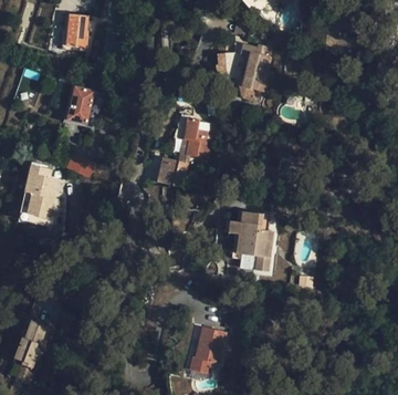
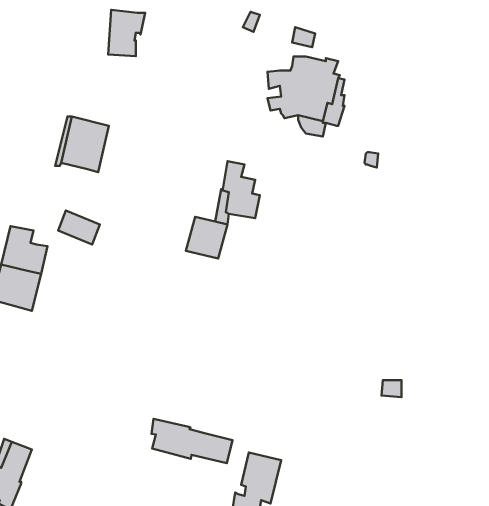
building: [66,13,93,46] -> [108,10,145,56]
building: [228,209,272,271] -> none
building: none -> [152,419,233,463]

